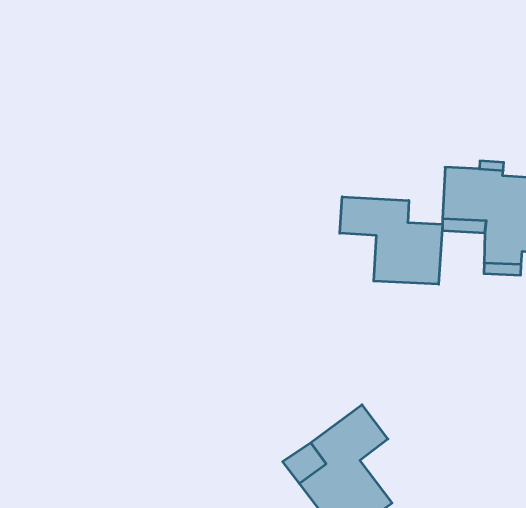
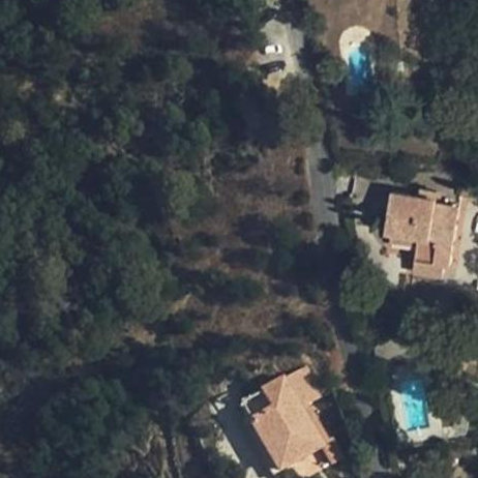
building: [340,197,443,284] -> none

